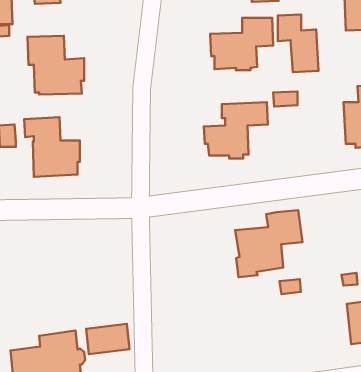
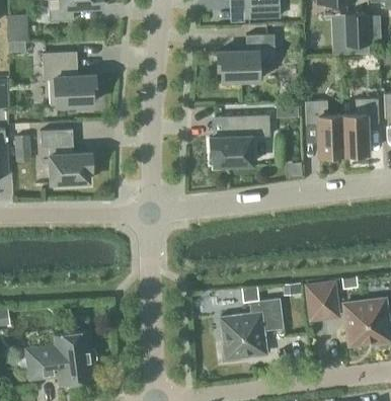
building: [278,14,318,72] -> [306,101,344,156]
building: [235,210,302,277] -> [220,300,284,364]
building: none -> [306,284,338,321]
building: [86,324,129,354] -> none

